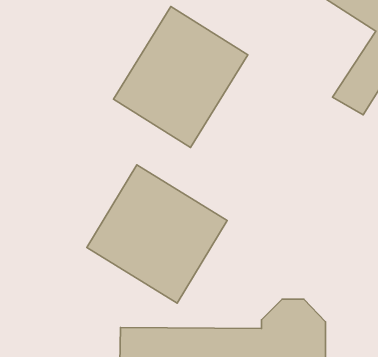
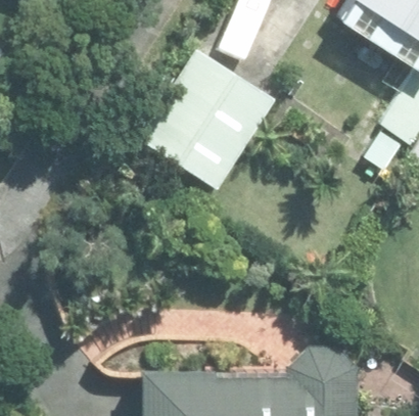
building: [87,165,227,303] -> none

